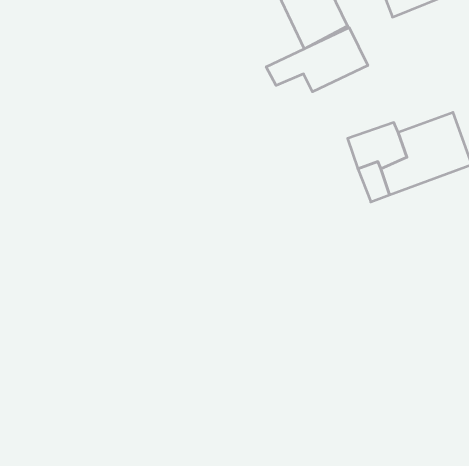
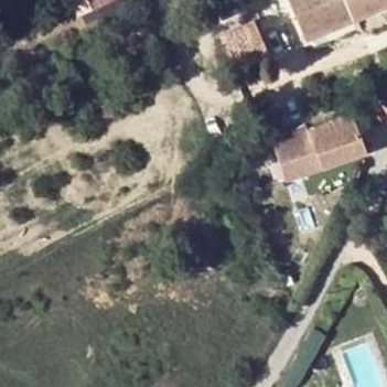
building: [266,28,368,92] -> none

